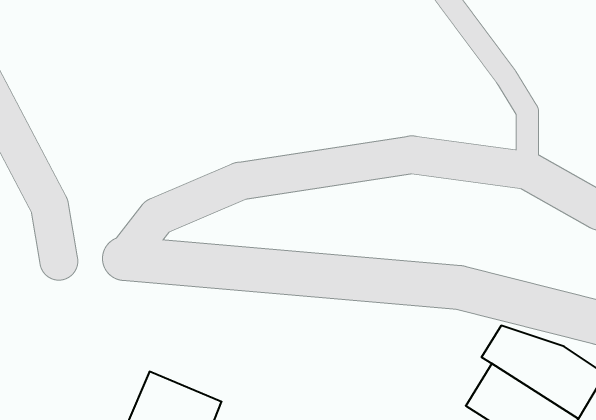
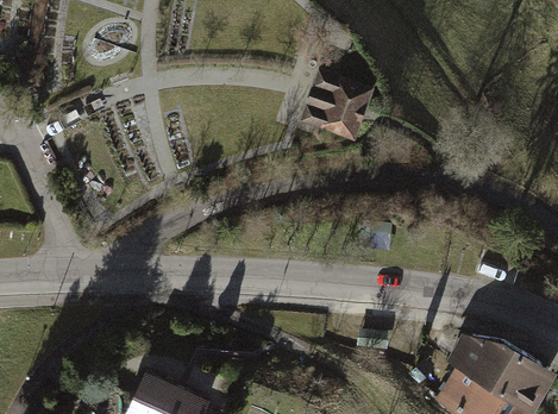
building: none -> [303,70,375,137]

